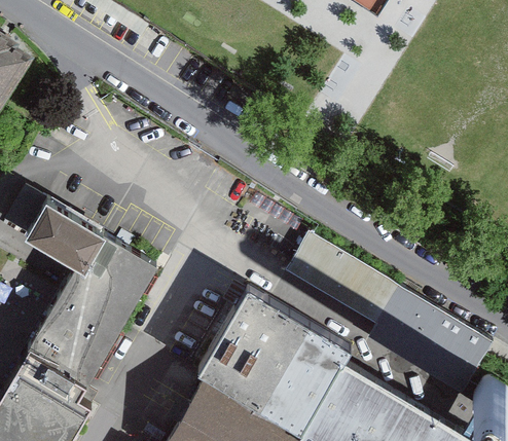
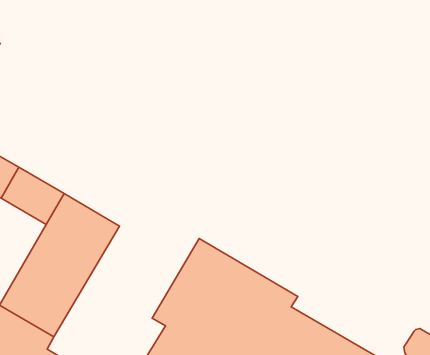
building: [284,233,493,395] -> none

